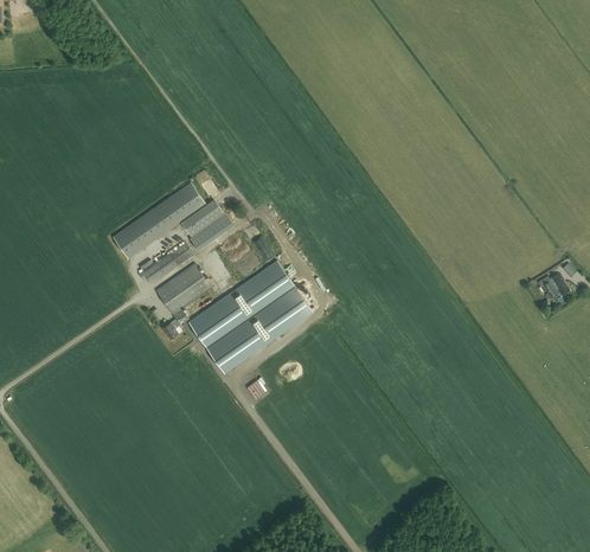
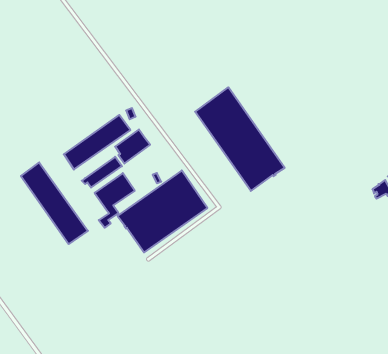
building: none -> [195,87,285,191]
building: none -> [21,162,88,244]

